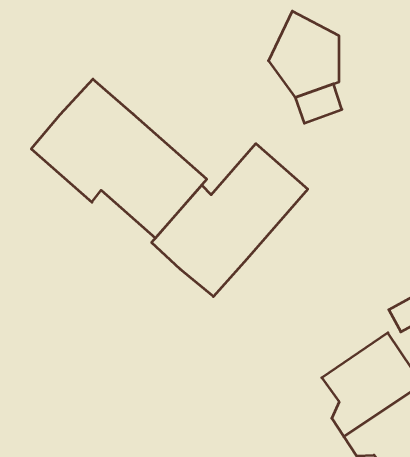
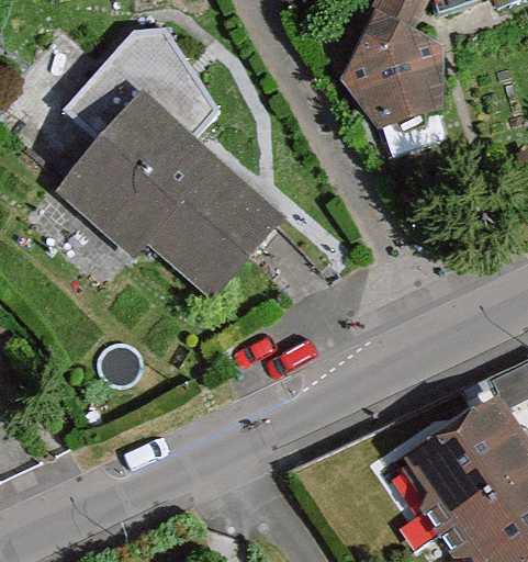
building: none -> [59,29,217,146]
building: [152,144,308,297] -> none

